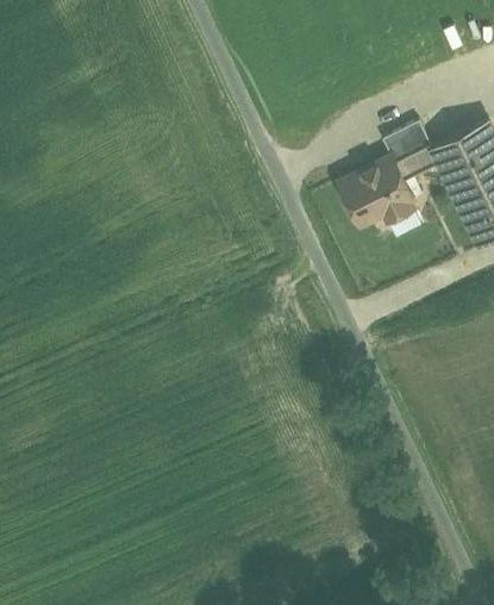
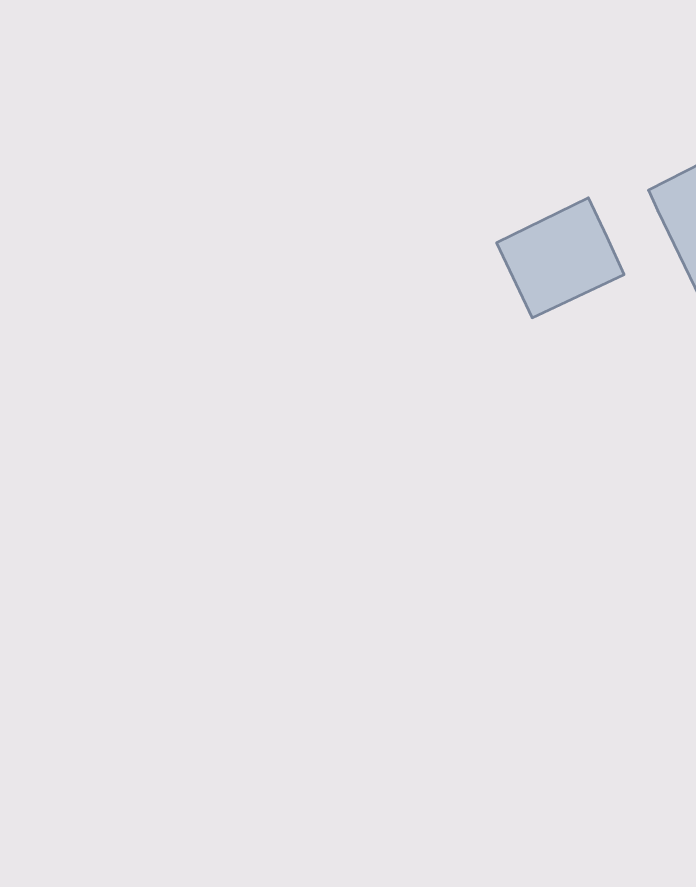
building: [387,124,438,179] -> none

